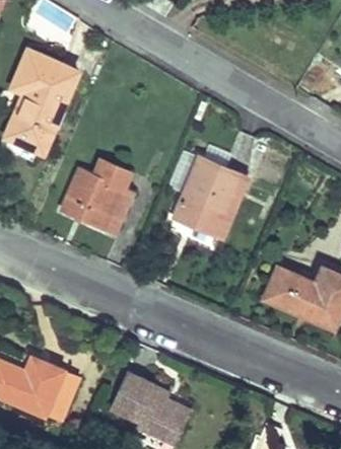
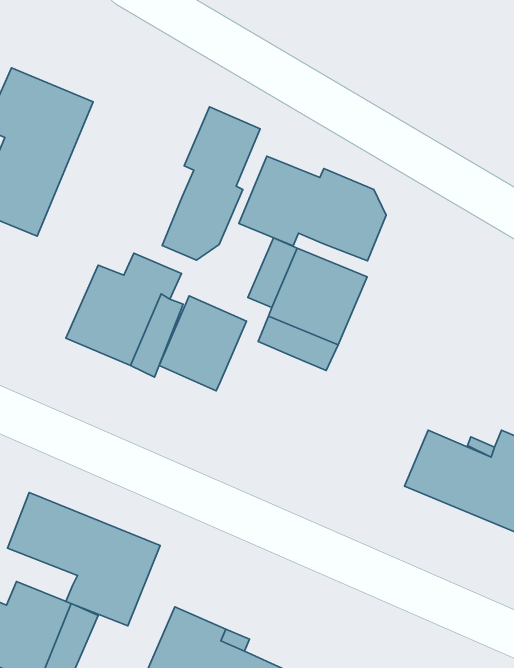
building: none -> [162,107,260,260]
building: none -> [239,156,386,261]
building: none -> [159,296,246,391]
building: none -> [7,493,160,626]

